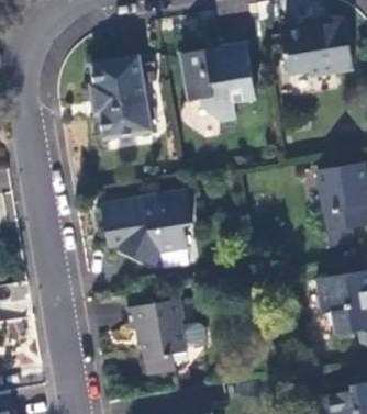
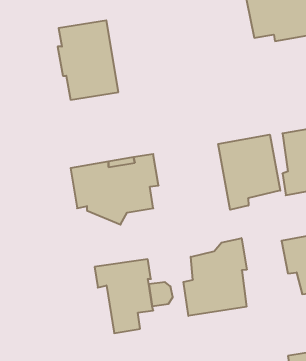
building: [181,44,255,120] -> none
building: none -> [218,135,280,210]
building: none -> [183,238,247,316]

